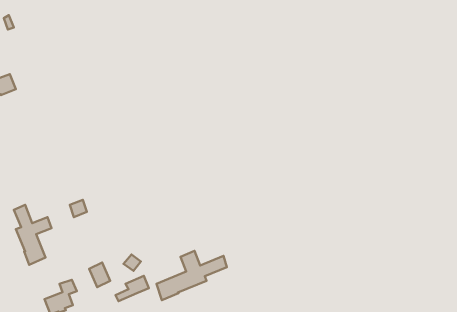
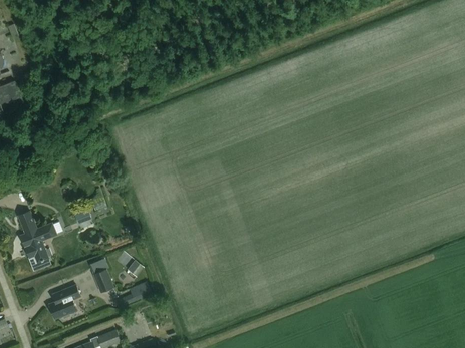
building: [156,251,227,300] -> none

